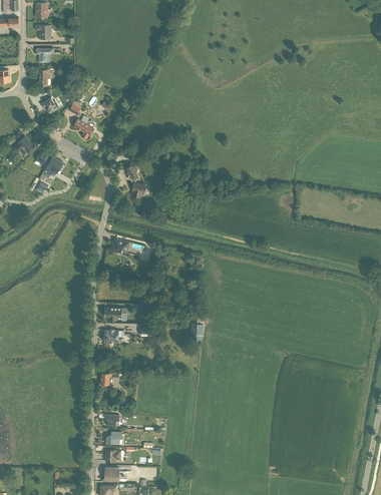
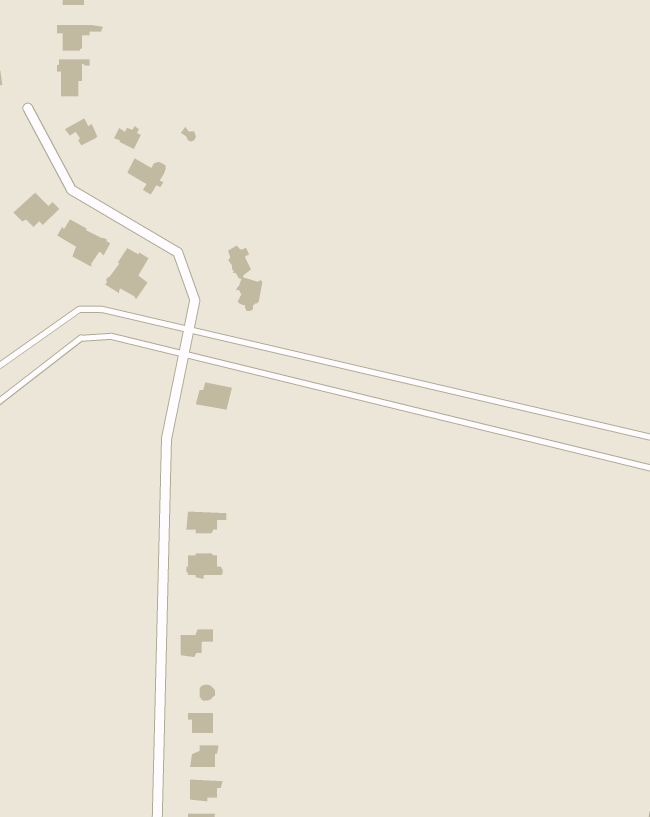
building: none -> [104,247,150,300]

